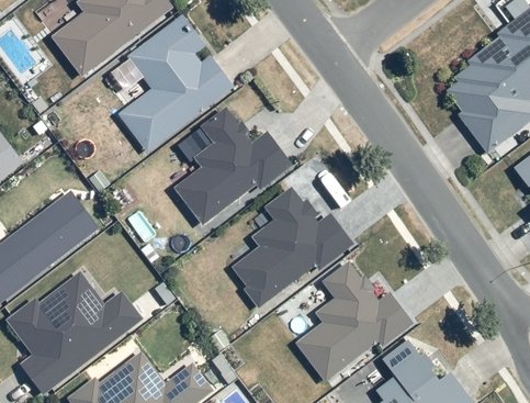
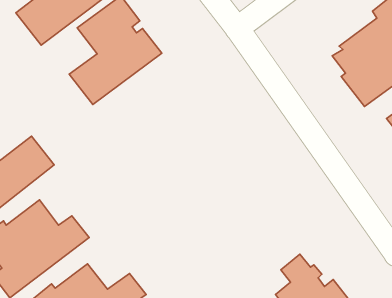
building: [174,108,291,225] -> none
building: [230,186,353,306] -> none
building: [295,260,411,381] -> none

